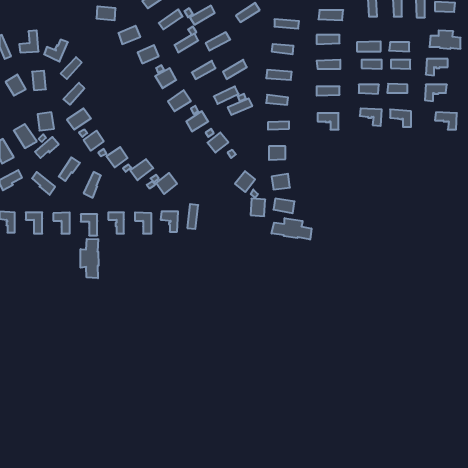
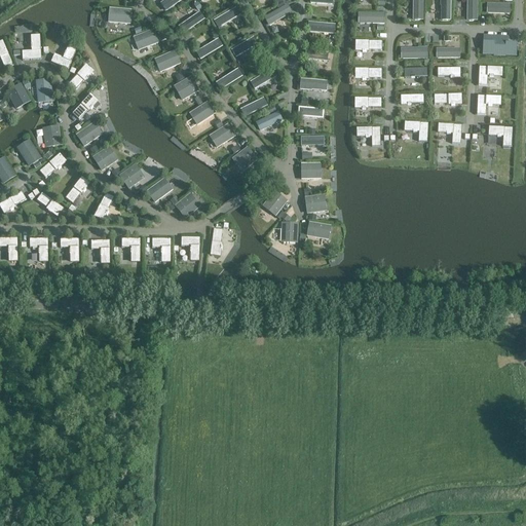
building: [272,218,311,240] -> none
building: [81,239,99,278] -> none

